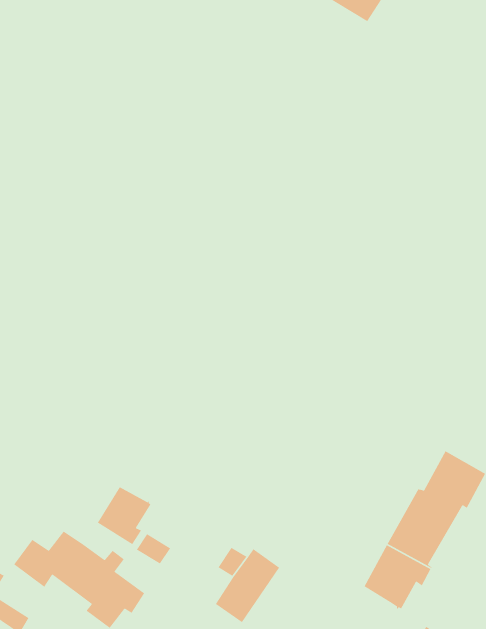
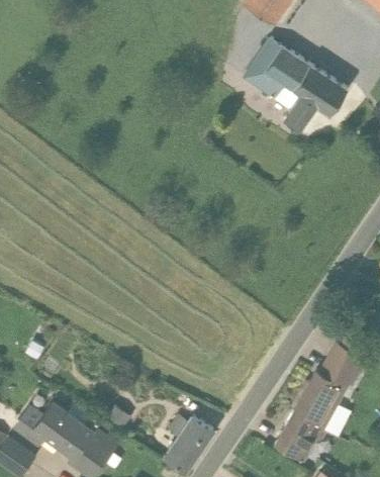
building: none -> [245,37,347,129]
building: [97,486,152,545] -> none

